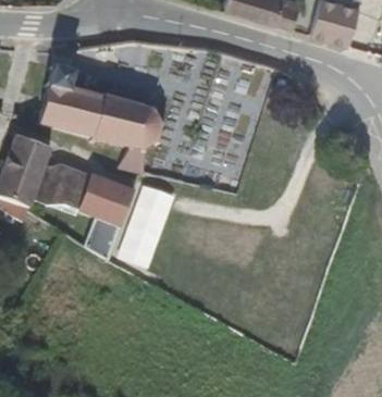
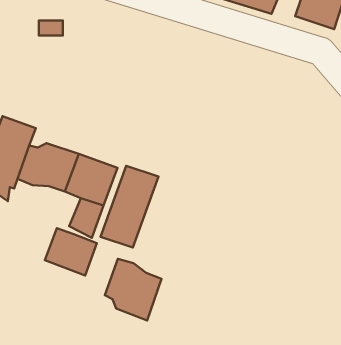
building: [38,64,160,170] -> none
building: none -> [45,228,97,275]
building: none -> [105,259,162,320]

